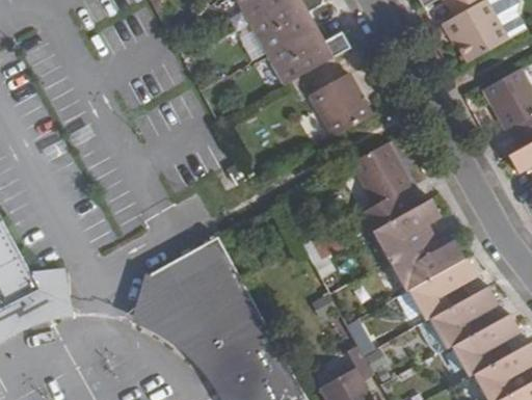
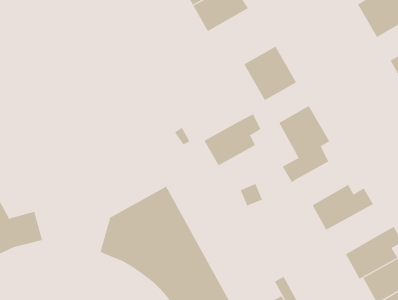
building: [267,27,349,85] -> none
building: [372,198,441,261] -> [203,114,261,166]
building: [408,258,477,321] -> none

